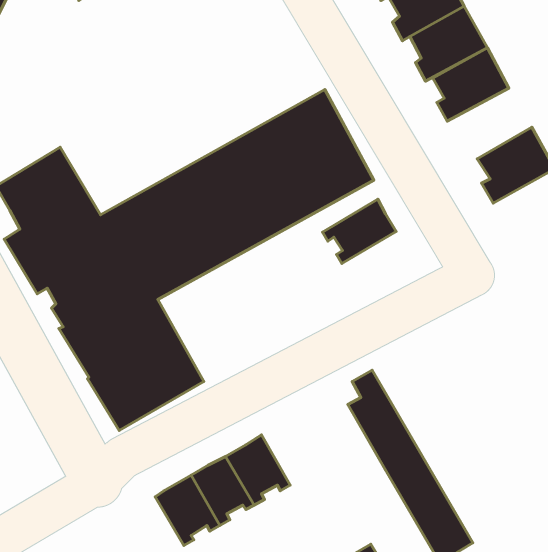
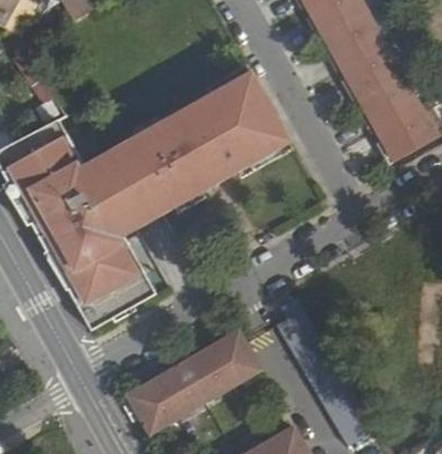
building: none -> [357,74,415,132]
building: [323,199,396,263] -> none
building: none -> [207,326,256,380]

